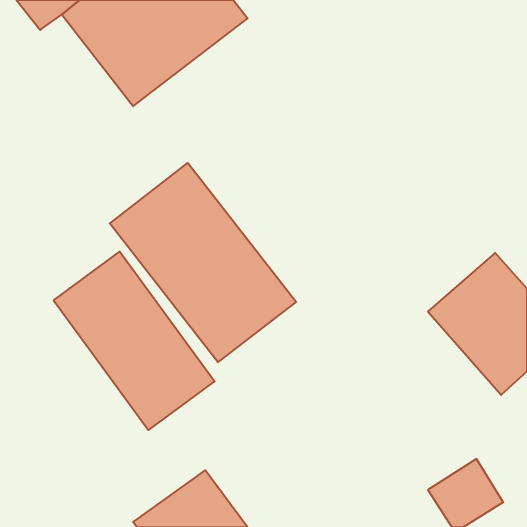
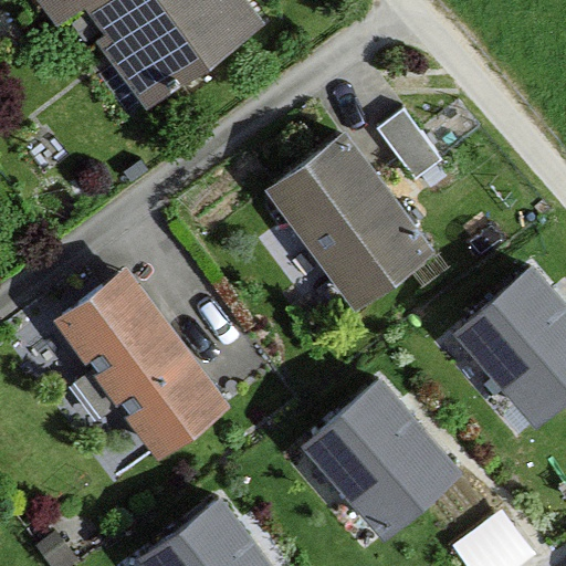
building: none -> [265,129,439,312]
building: [110,163,296,362] -> none
building: none -> [307,384,457,535]

